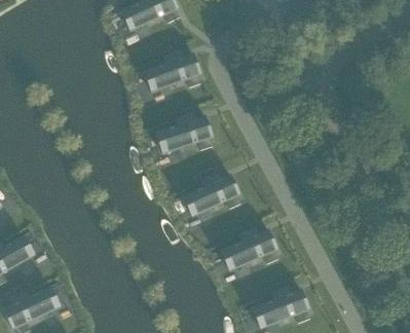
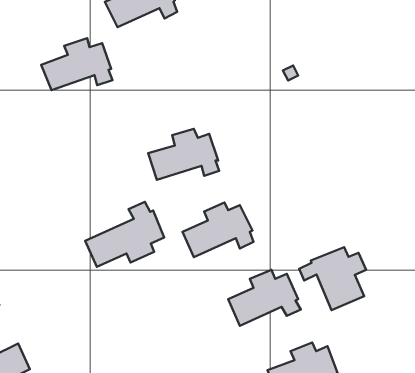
building: [143,50,200,92] -> [41,38,112,90]
building: none -> [85,202,164,267]
building: none -> [299,247,366,310]

